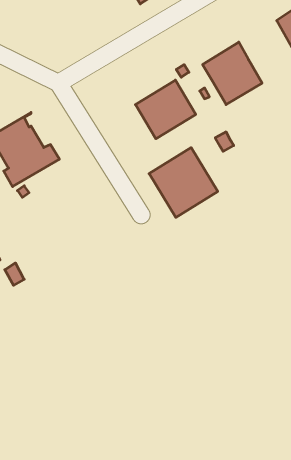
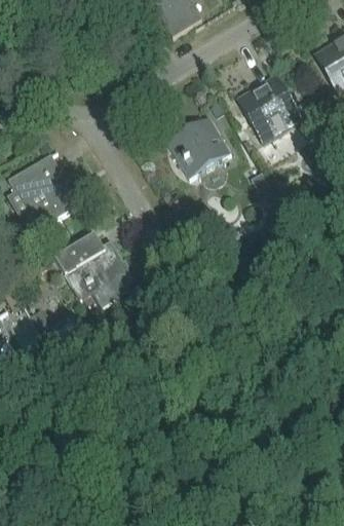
building: [149,148,218,217] -> none
building: none -> [53,232,132,308]

